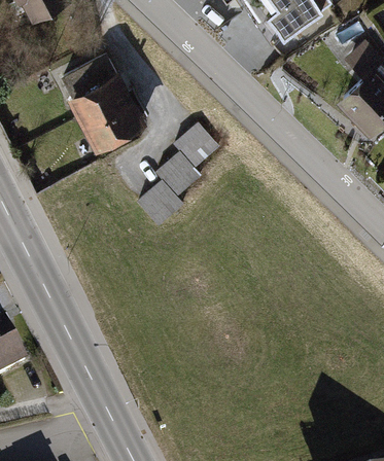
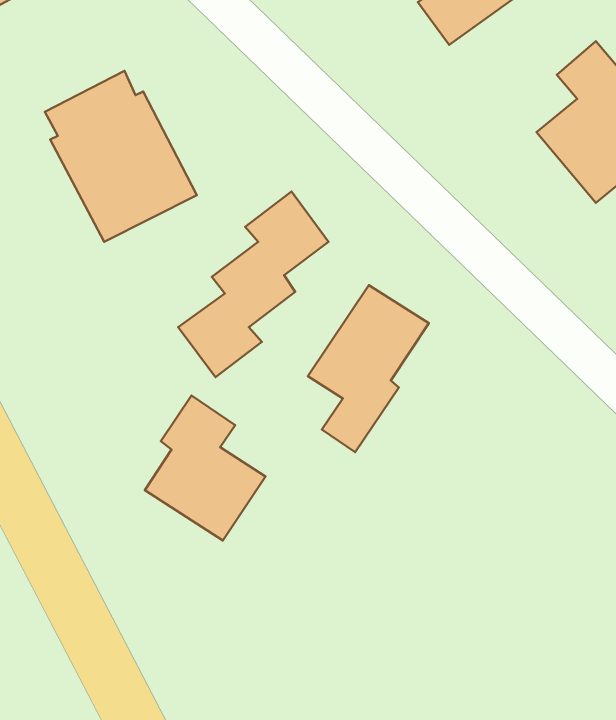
building: none -> [308,285,429,452]
building: none -> [145,396,266,541]

